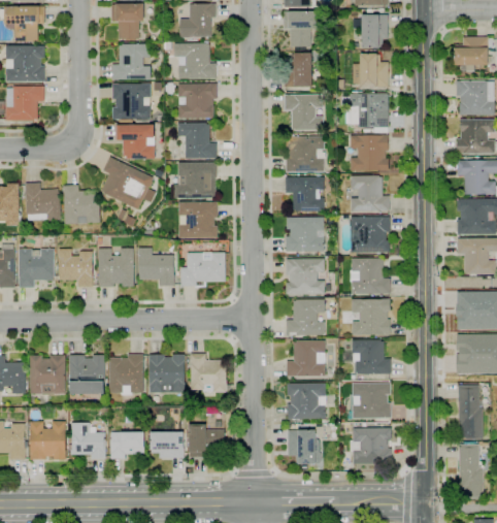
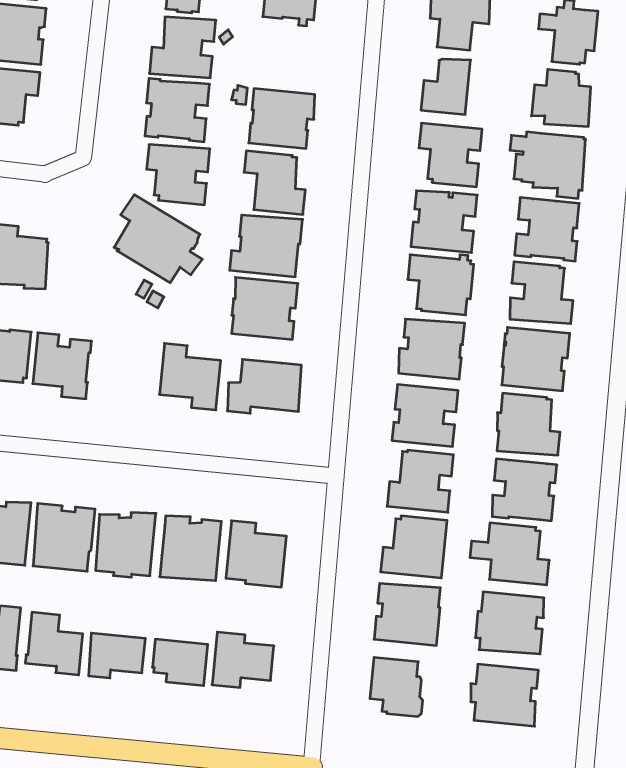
building: [174,43,217,79] -> none
building: [64,185,100,224] -> none
building: [99,249,134,287] -> none

